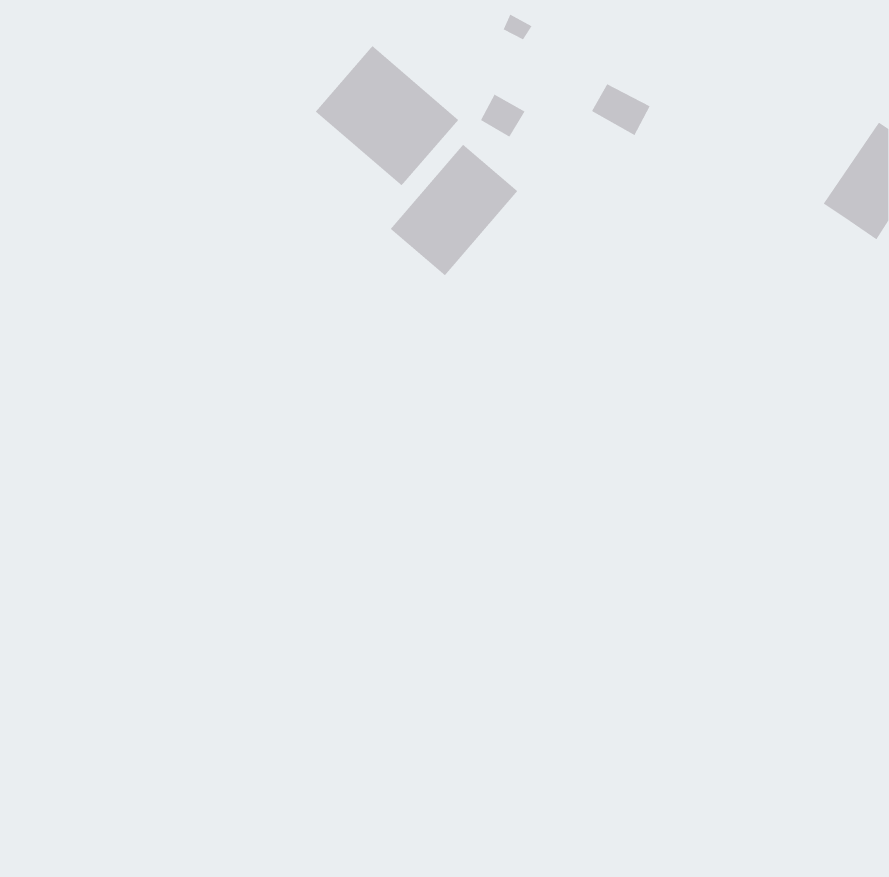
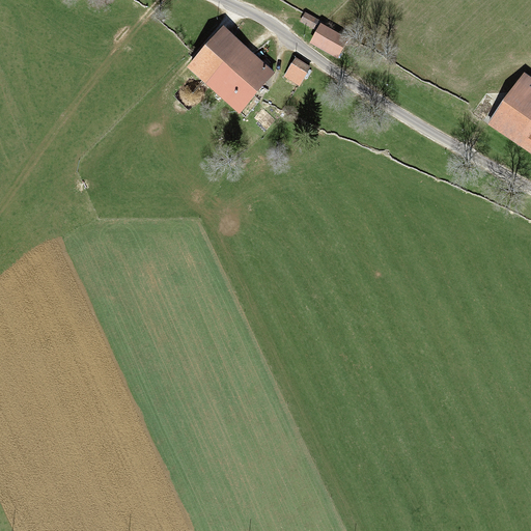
building: [591,83,650,136] -> [311,22,346,53]
building: [390,144,518,276] -> none

